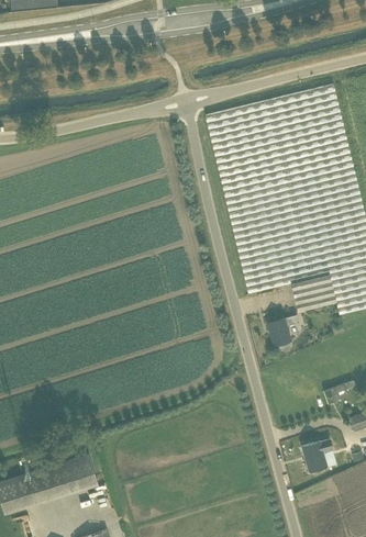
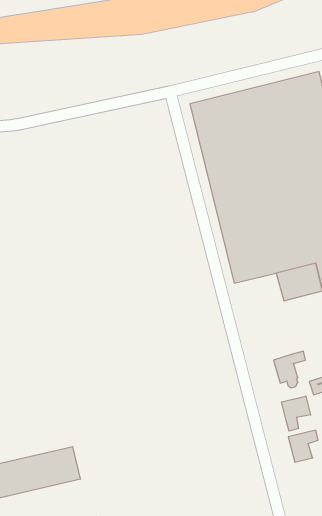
building: [267,314,299,350] -> [274,351,306,388]
building: none -> [281,396,311,431]

